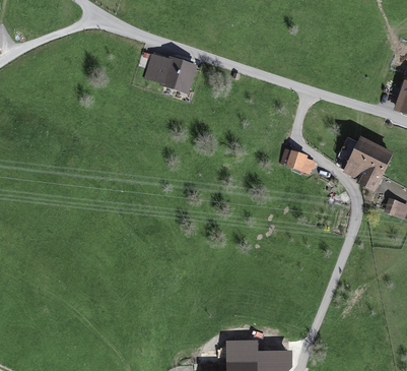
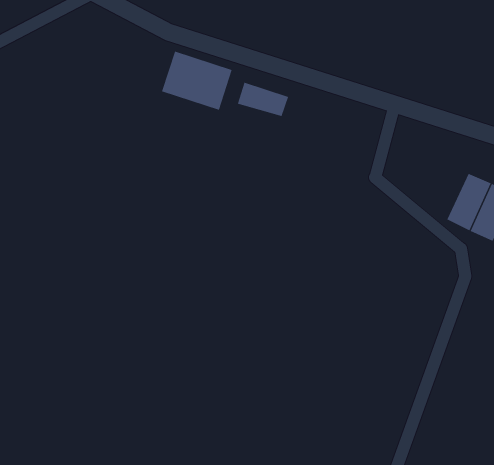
building: none -> [237,82,289,117]
building: [282,149,312,173] -> none

